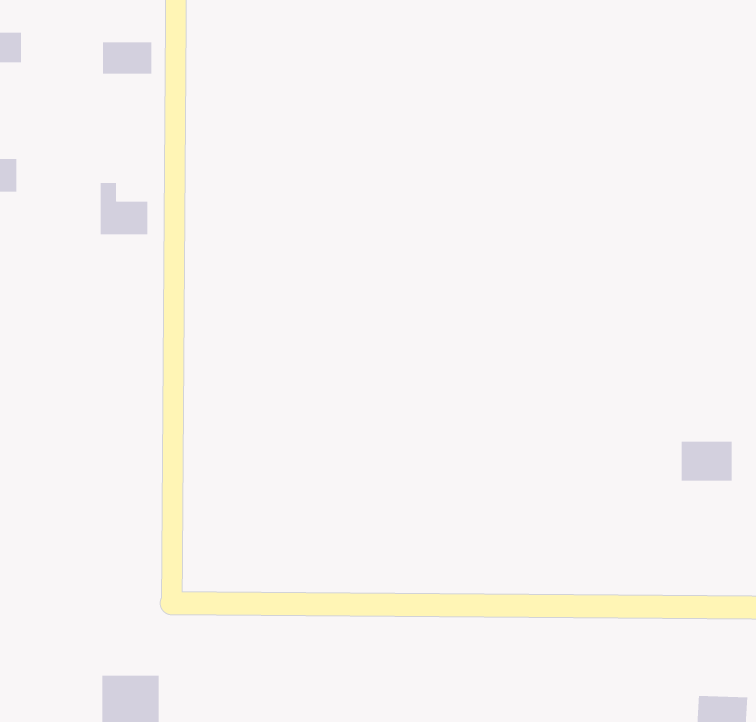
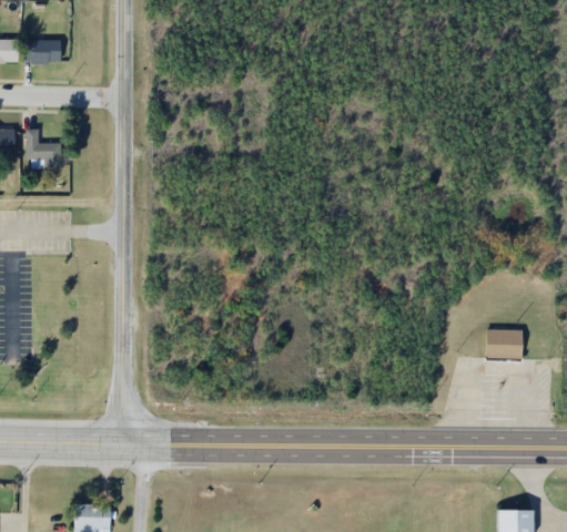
building: [102,42,152,74] -> [23,40,59,63]
building: [100,182,148,235] -> [26,130,60,167]

